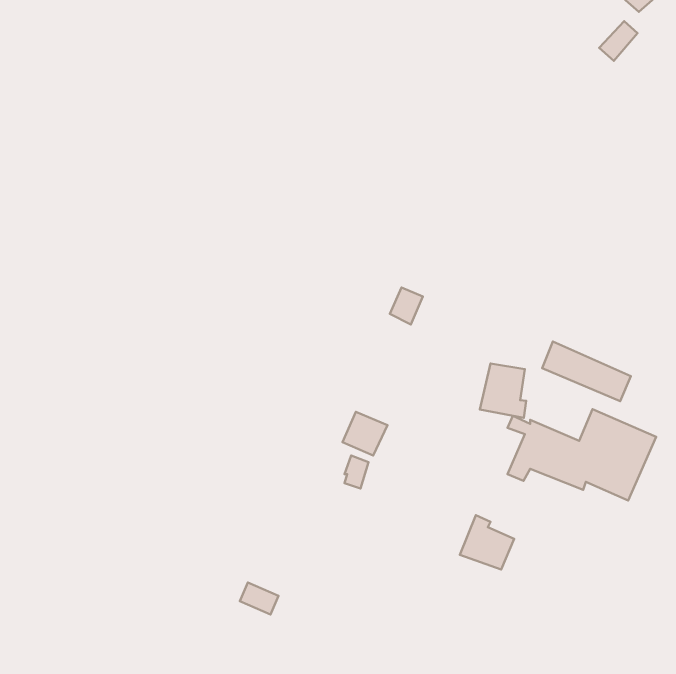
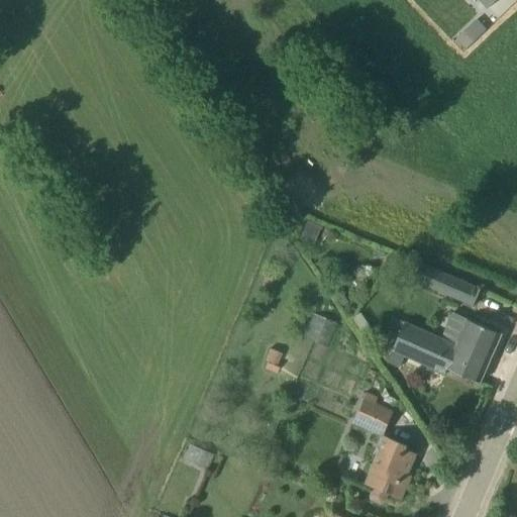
building: [480,364,526,418] -> none
building: [343,412,388,456] -> [303,313,337,346]
building: none -> [363,434,417,504]

